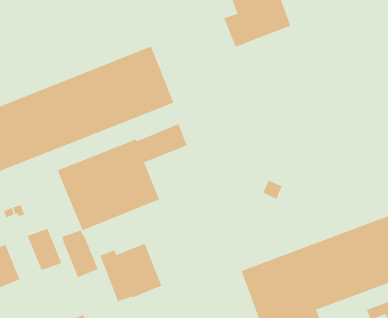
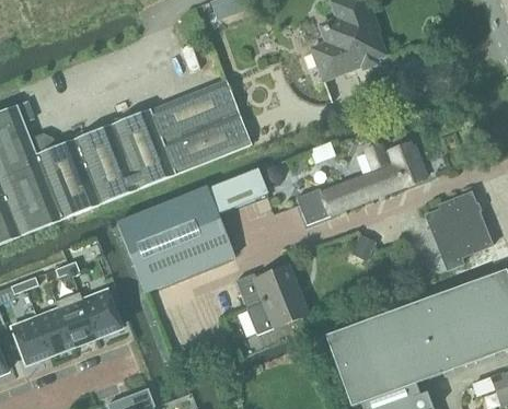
building: none -> [297,140,425,222]
building: none -> [425,191,493,269]
building: [61,229,98,278] -> [56,291,99,347]
building: [100,243,162,302] -> [236,265,309,332]

